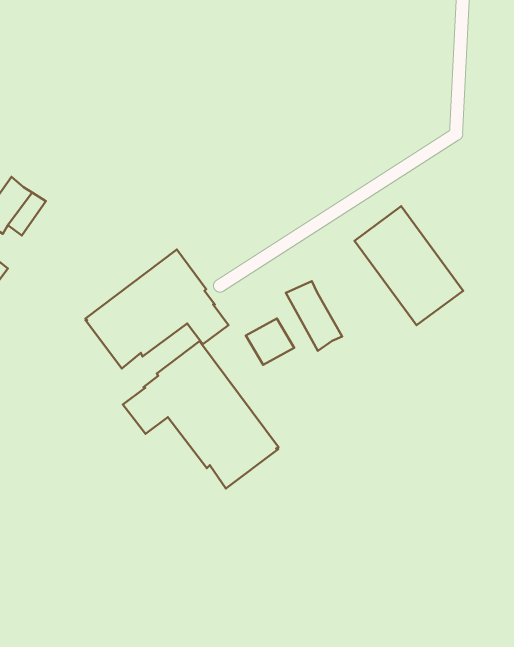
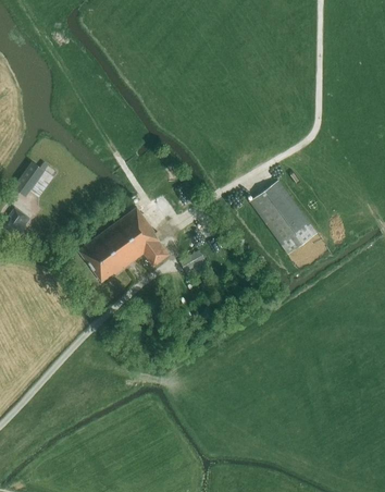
building: [286,281,342,351] -> none
building: [123,341,279,488] -> none

